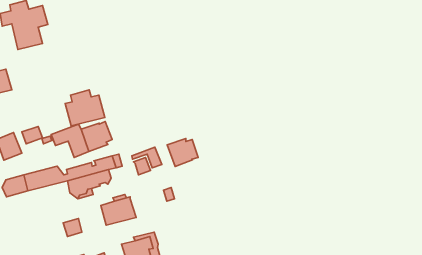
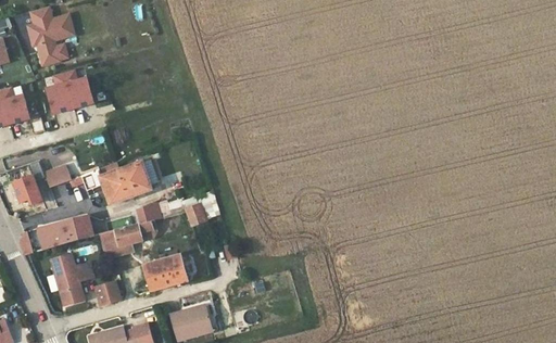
building: [65,90,105,126] -> [45,69,94,115]
building: [167,138,198,166] -> none
building: none -> [53,254,93,303]

